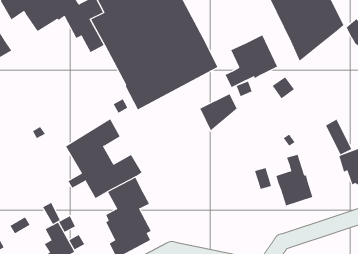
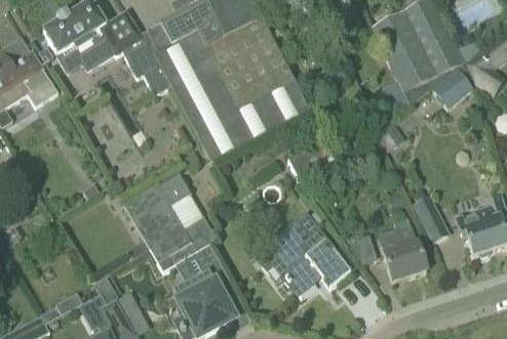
building: none -> [431,67,473,108]
building: [225,35,278,88] -> none
building: [325,119,352,155] -> [415,194,447,238]
building: none -> [264,213,349,293]

